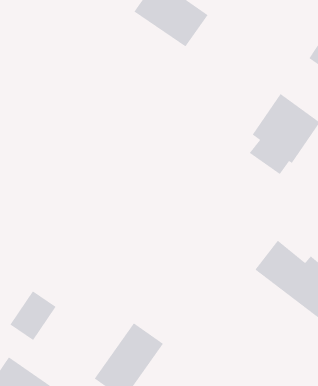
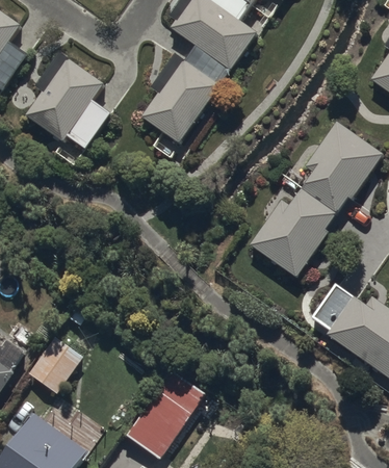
building: none -> [26,55,102,137]
building: none -> [142,57,218,139]
building: none -> [250,185,336,274]

